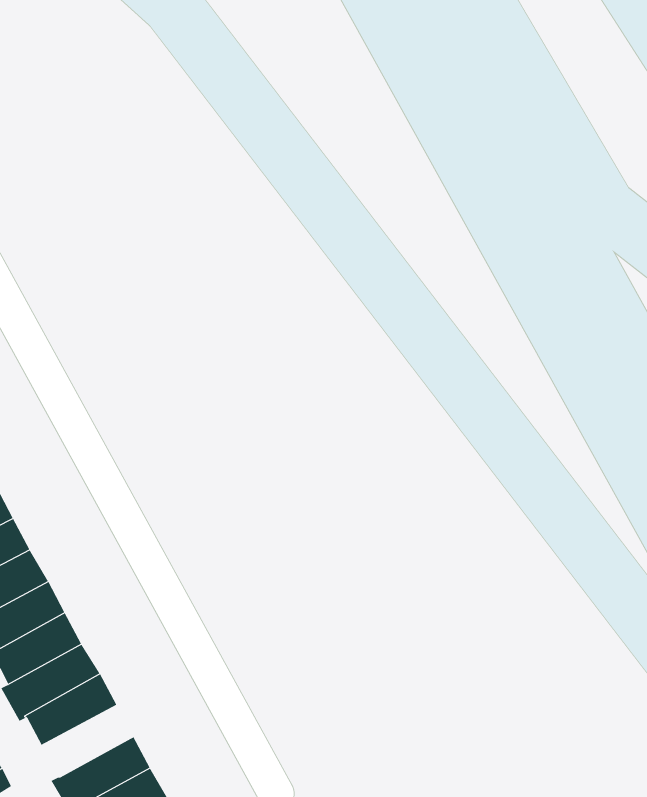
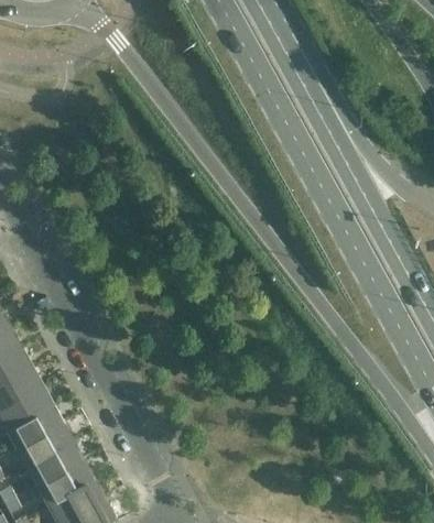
building: none -> [39,460,94,503]

